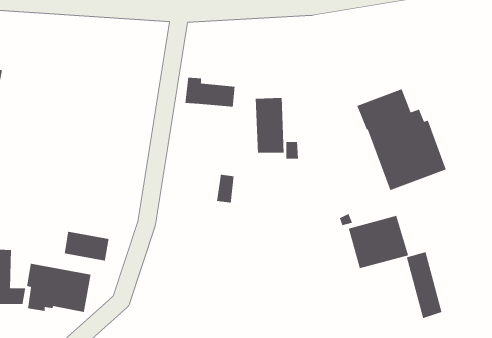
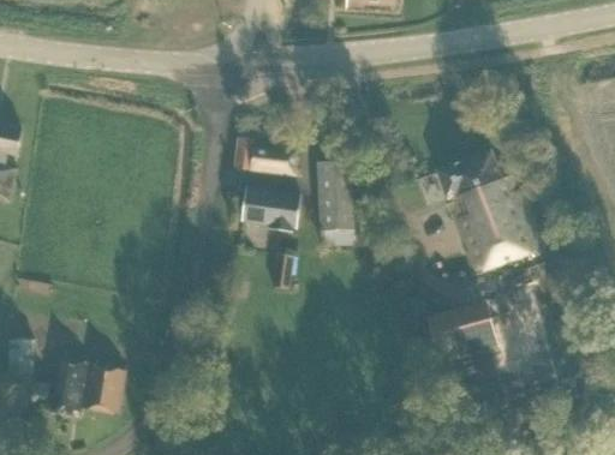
building: none -> [240,186,300,231]
building: [64,231,110,262] -> none
building: [406,251,443,319] -> none

